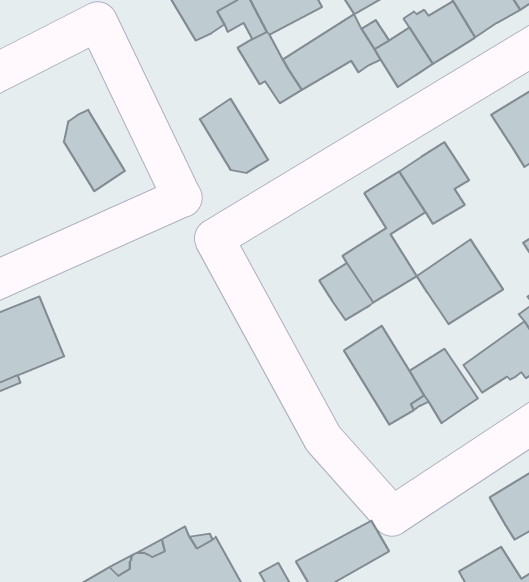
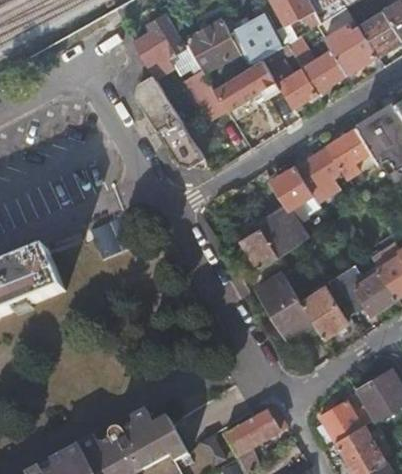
building: [64,110,125,191] -> [136,74,178,130]
building: none -> [325,127,372,177]
building: [417,239,503,324] -> none
building: none -> [320,400,373,441]

